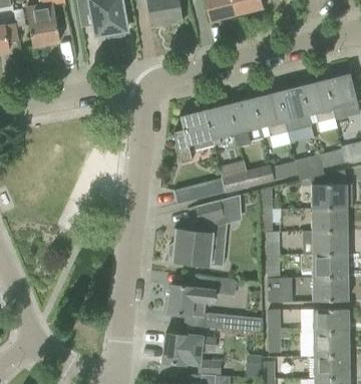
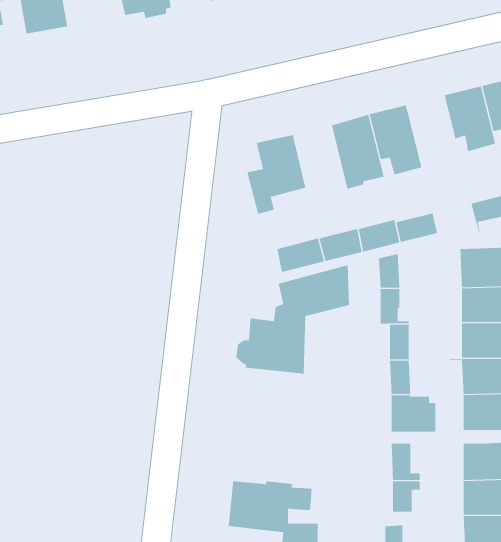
building: [277,86,311,132] -> none
building: [205,105,239,146] -> none
building: [294,155,323,180] -> none
building: [167,276,263,334] -> none

